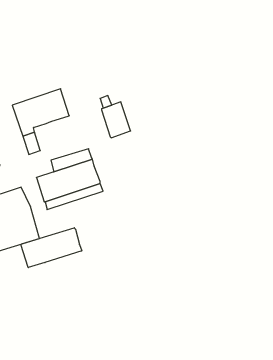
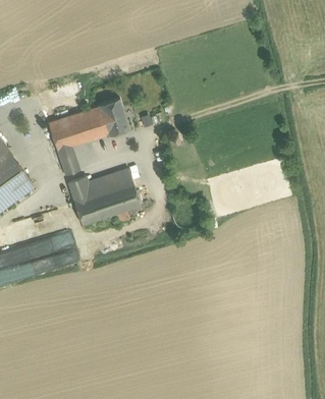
building: [102,102,131,138] -> [99,98,129,135]
building: none -> [67,176,92,200]
building: [21,228,82,268] -> none

